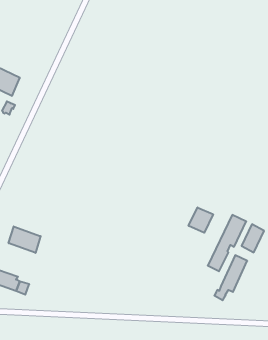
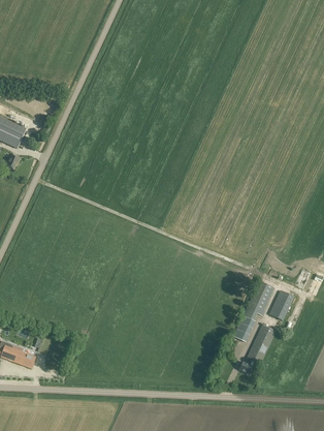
building: [189,207,213,233] -> none
building: [9,226,41,253] -> none

